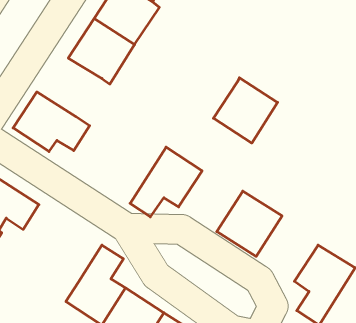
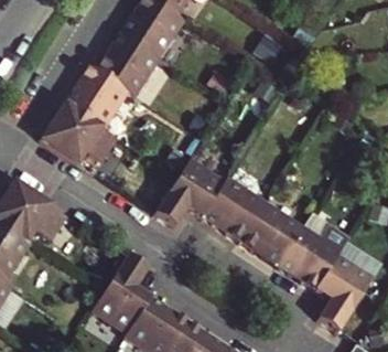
building: none -> [63,68,127,130]
building: [213,78,278,143] -> [202,179,265,243]
building: none -> [278,227,341,291]

